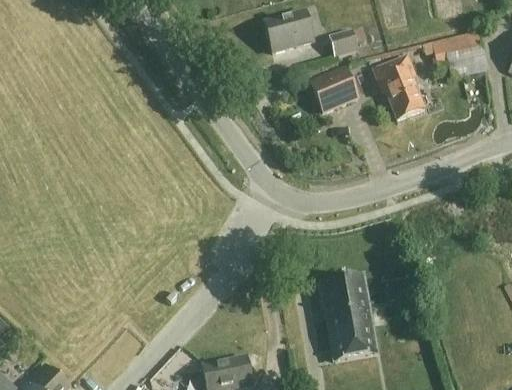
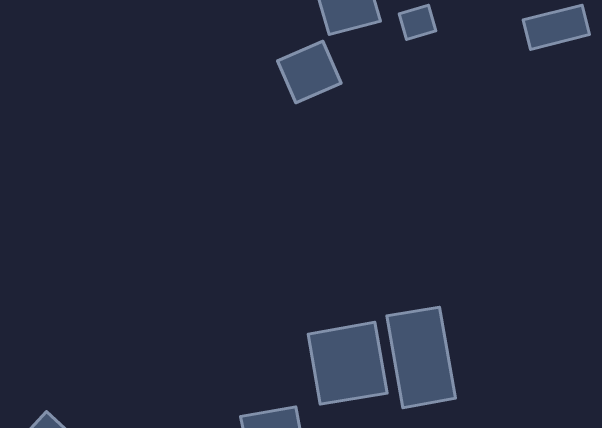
building: [377,58,424,118] -> none
building: [309,64,361,114] -> [277,41,341,103]
building: none -> [308,322,387,404]

